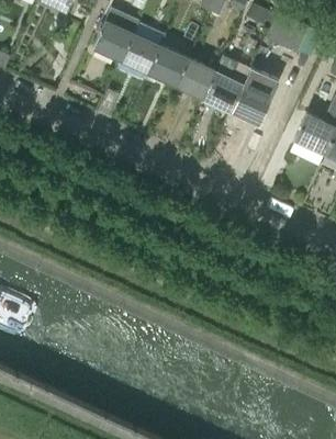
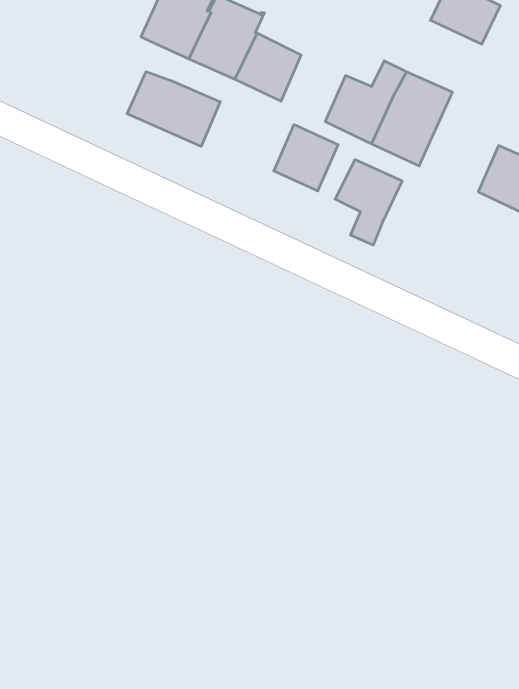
building: [177,59,215,99] -> [274,125,338,191]
building: none -> [127,72,220,146]
building: none -> [335,160,402,245]

